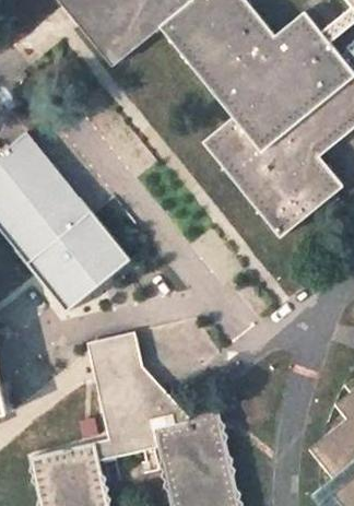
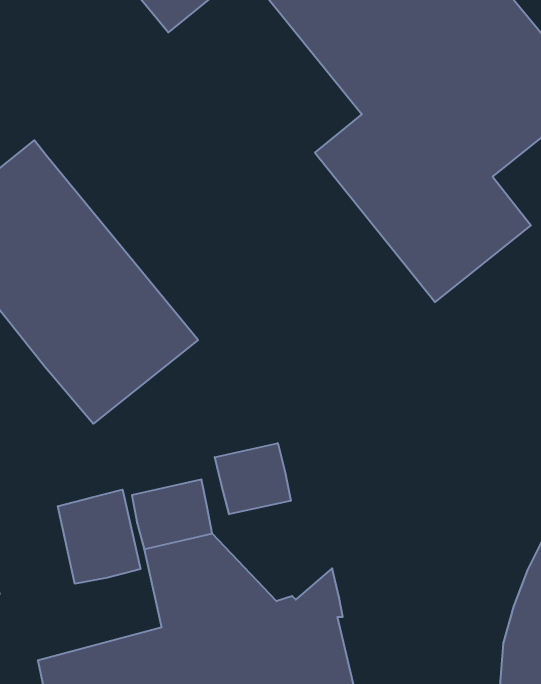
building: none -> [215,443,291,514]
building: none -> [58,490,140,584]

